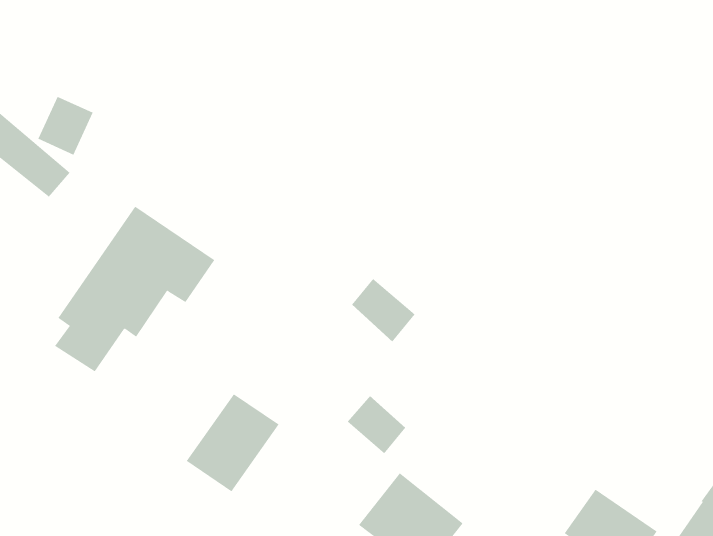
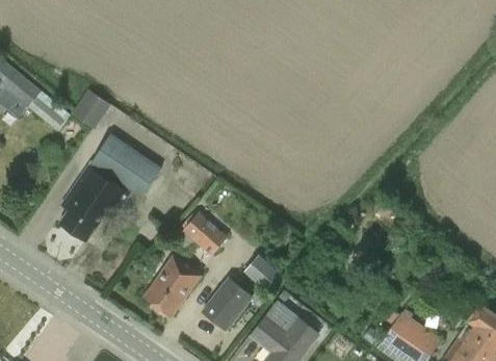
building: [38,96,93,155] -> [75,88,110,126]
building: [351,278,415,342] -> [185,214,226,255]
building: none -> [201,279,252,331]

